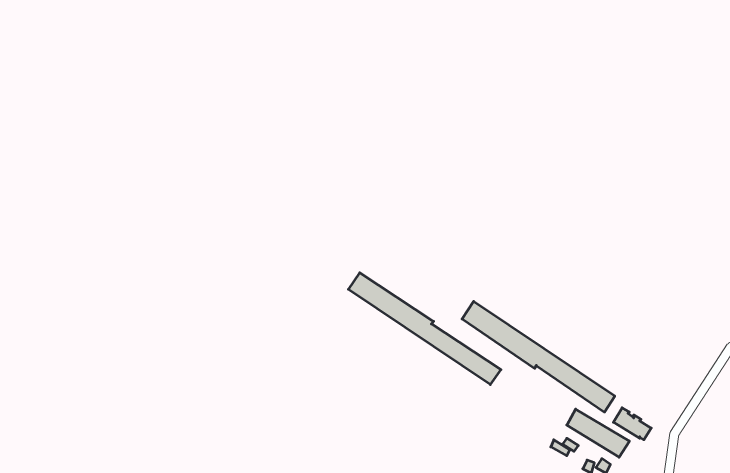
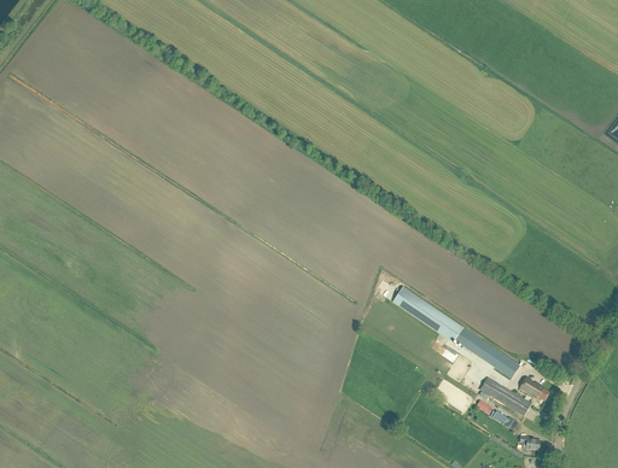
building: [348,273,501,385] -> none

